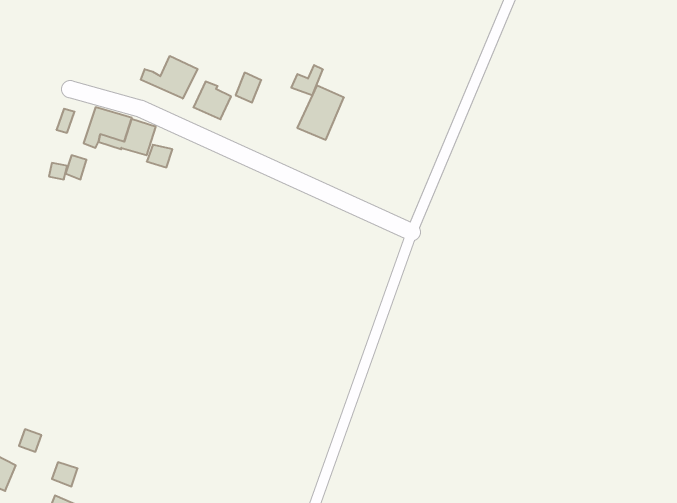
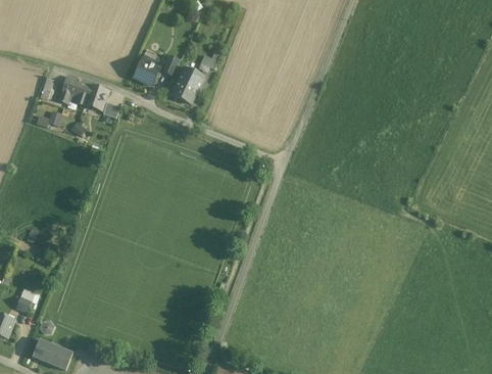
building: [141,56,198,99] -> none
building: [297,86,344,140] -> [171,65,203,102]

